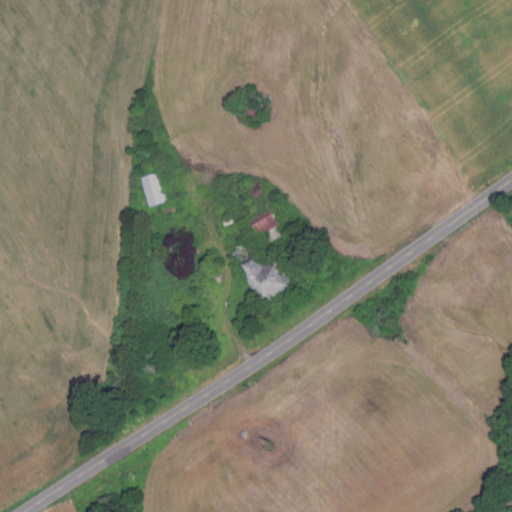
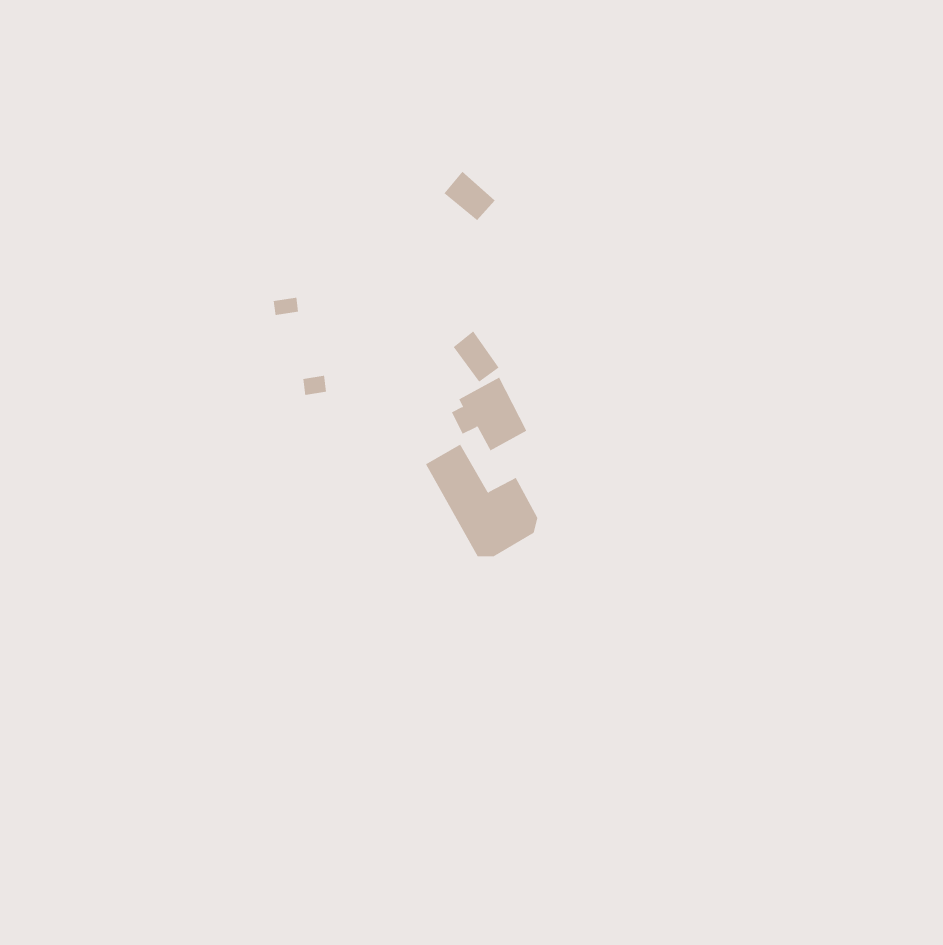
building: [139,173,166,207] -> none

